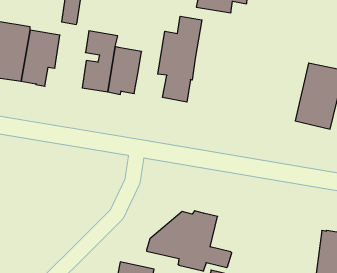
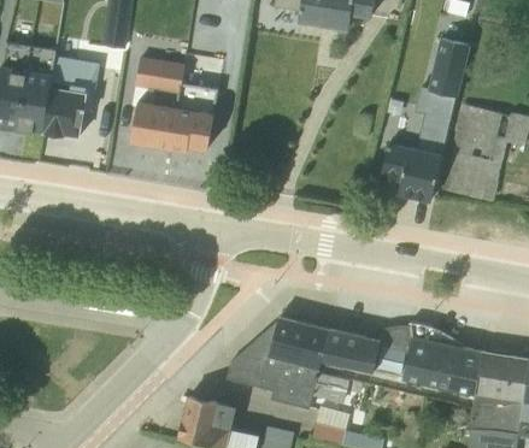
building: [158,16,202,102] -> none
building: none -> [380,37,469,200]
building: none -> [322,323,481,396]

